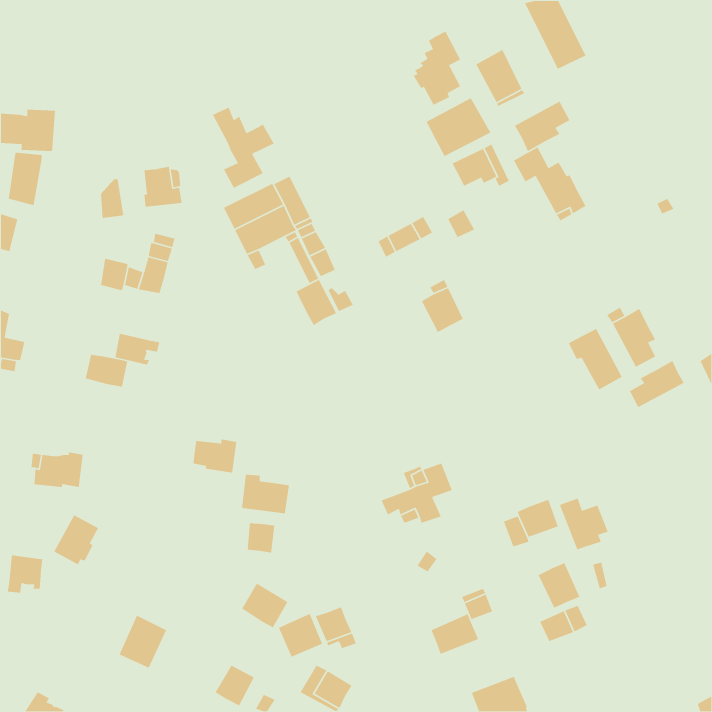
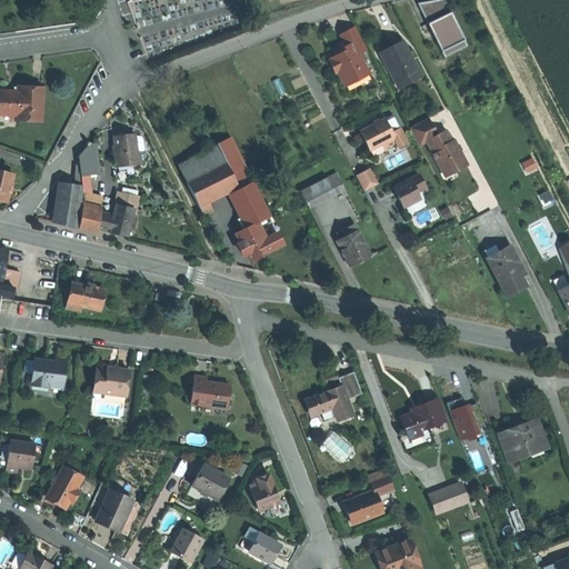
building: [425,97,492,157] -> none
building: [514,101,571,152] -> none
building: [212,107,275,189] -> none
building: [8,152,43,206] -> [54,183,82,227]
building: none -> [395,173,426,207]
building: [568,328,623,391] -> none
building: [114,333,160,366] -> none
building: [629,360,685,408] -> none
building: [193,439,237,473] -> [94,370,130,398]
building: [53,514,99,566] -> [47,467,83,508]
building: [247,522,275,553] -> none
building: none -> [500,420,546,460]
building: [538,562,580,609] -> none
building: [278,613,323,658] -> none

